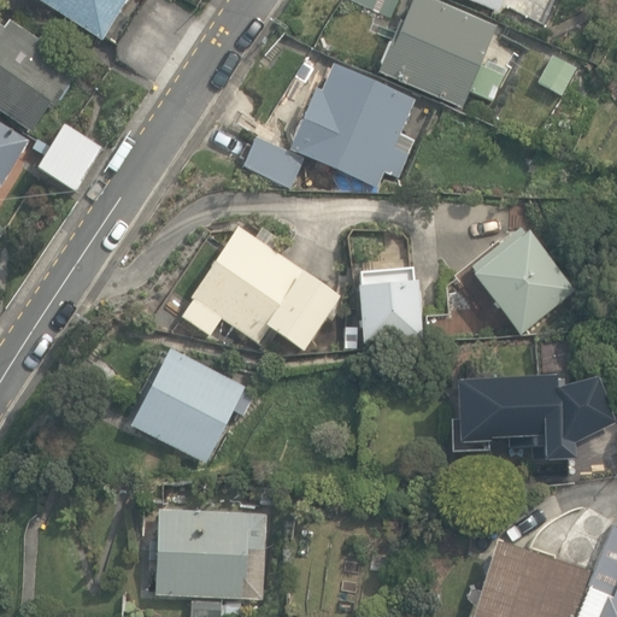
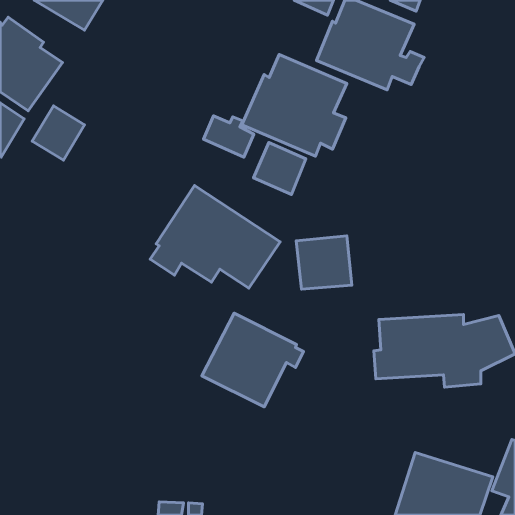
building: none -> [253,143,306,194]
building: [468,225,575,335] -> none
building: [129,346,251,458] -> [202,313,304,407]
building: [148,509,268,600] -> none

